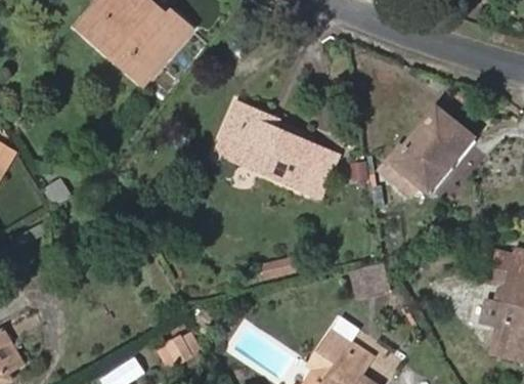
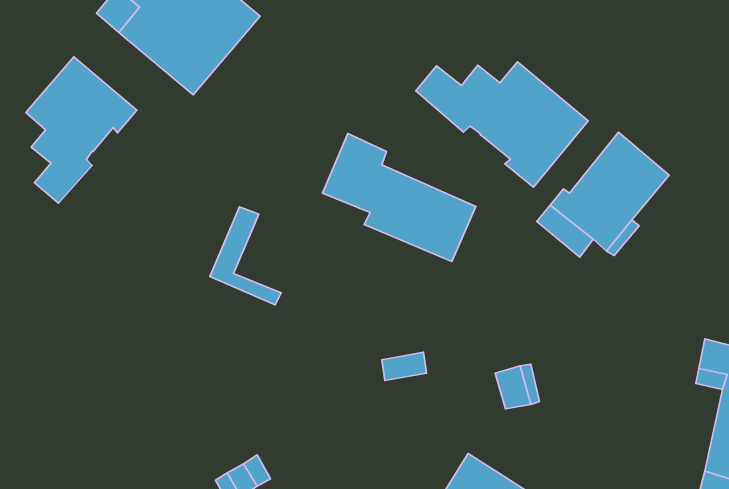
building: none -> [26,57,137,203]
building: none -> [416,62,588,187]
building: [217,103,266,171] -> [210,207,281,305]

